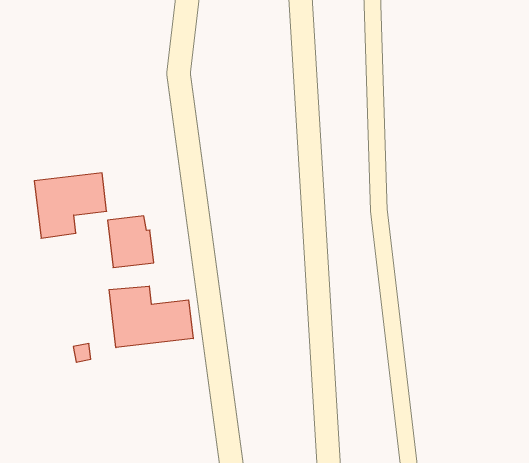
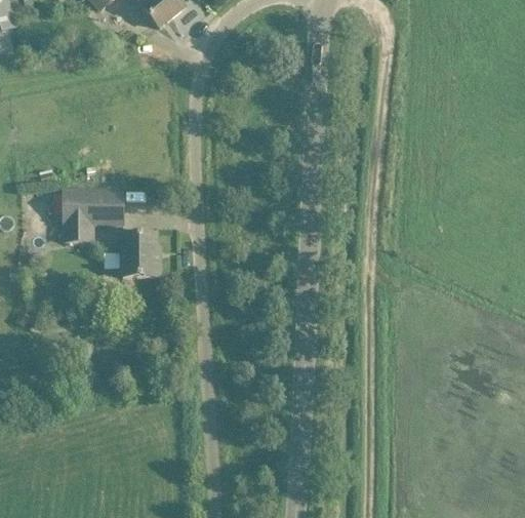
building: [109,286,193,348] -> none

